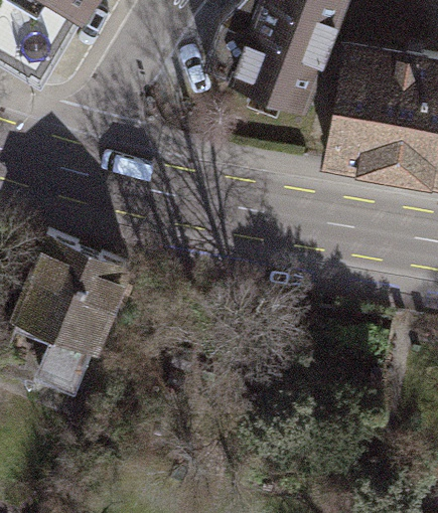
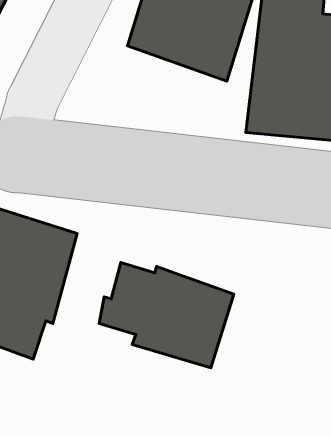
building: none -> [99,263,234,368]

